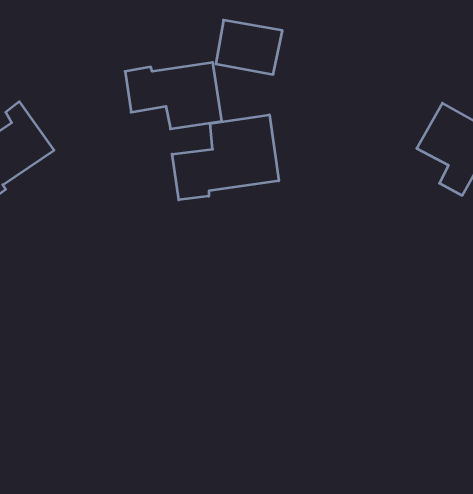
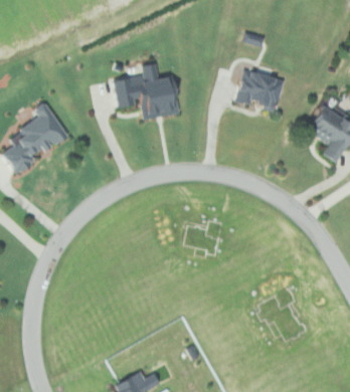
building: [216,20,282,74] -> [238,72,283,109]
building: [172,115,279,200] -> none

